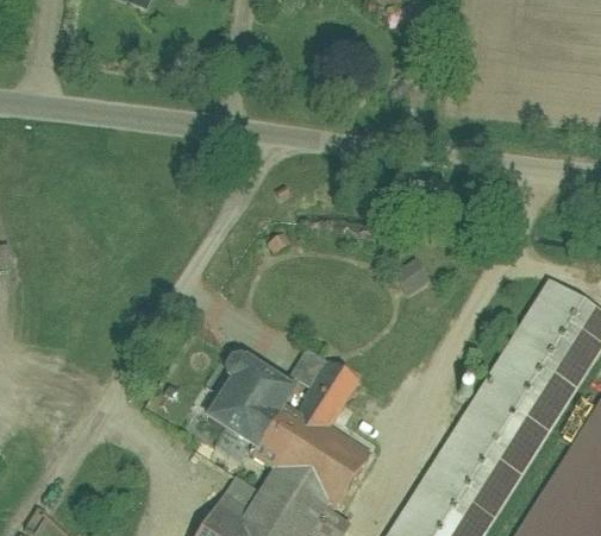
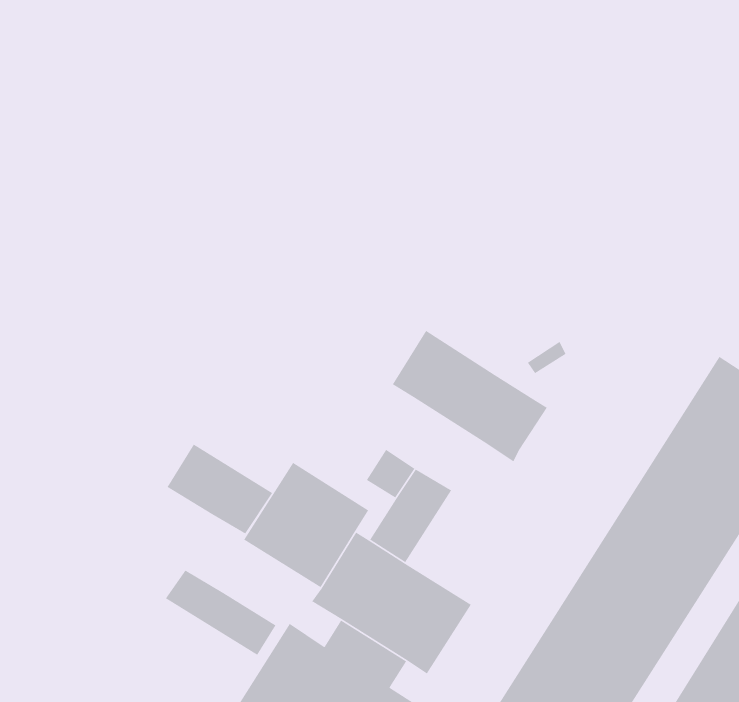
building: none -> [392,330,548,462]
building: none -> [167,443,273,535]
building: none -> [165,569,277,656]

